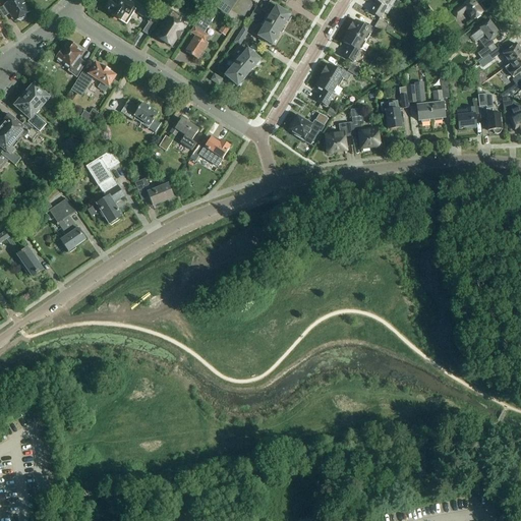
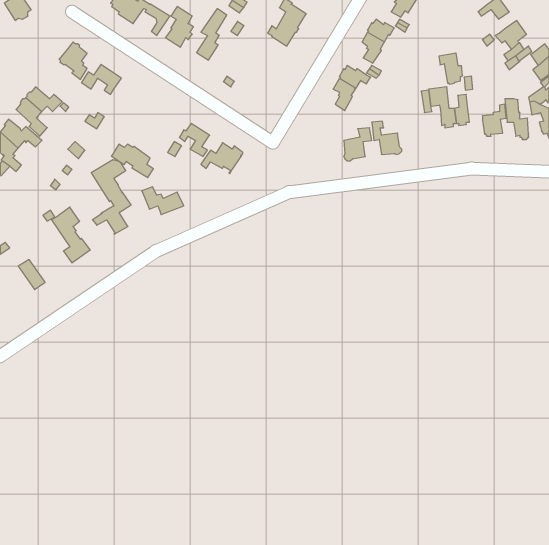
building: [224,47,260,84] -> none
building: [121,99,161,130] -> [111,144,153,178]
building: [381,99,403,128] -> [439,53,463,84]
building: [289,111,328,142] -> none

